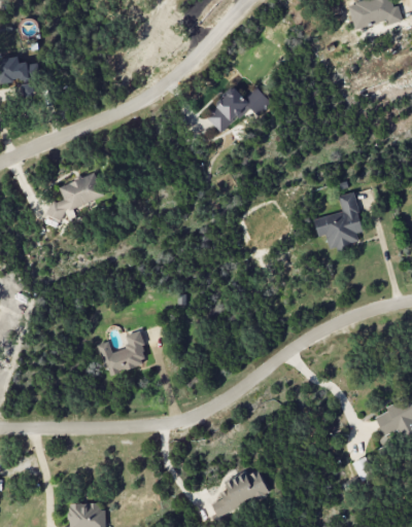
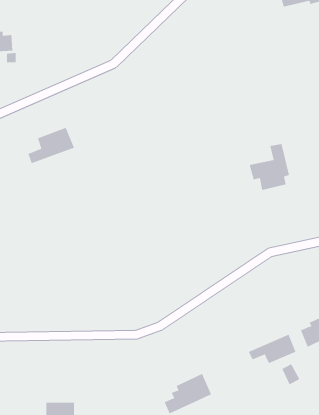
building: [204,86,270,132] -> none
building: [98,331,148,377] -> none
building: none -> [248,334,296,364]

